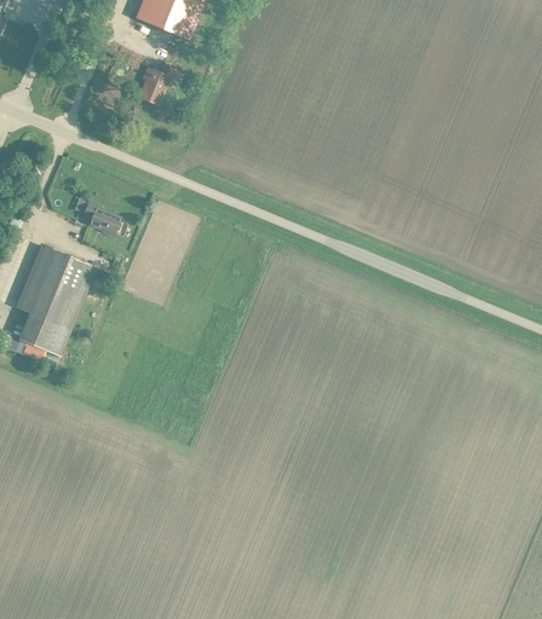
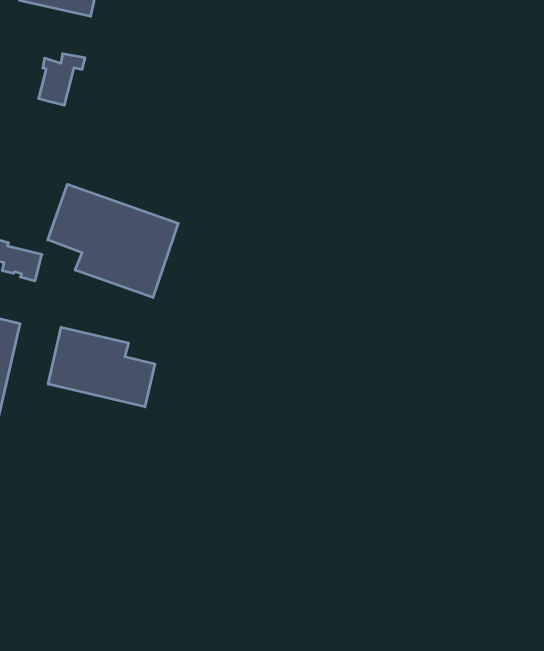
building: none -> [48,184,178,298]
building: none -> [48,327,155,407]

